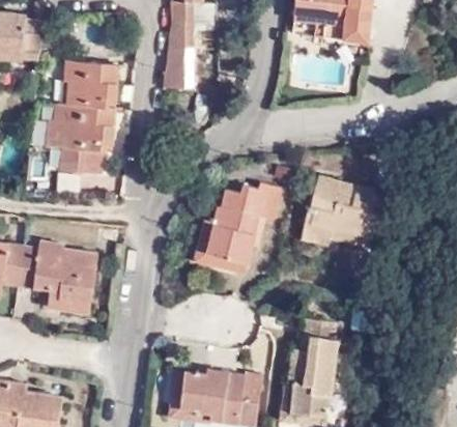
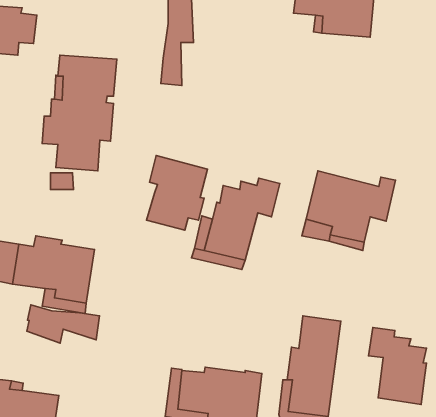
building: none -> [147,156,208,230]
building: none -> [27,305,100,343]
building: none -> [369,327,427,405]

